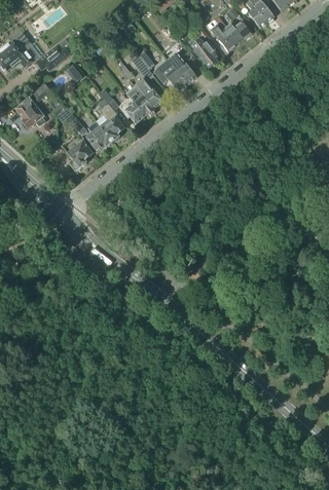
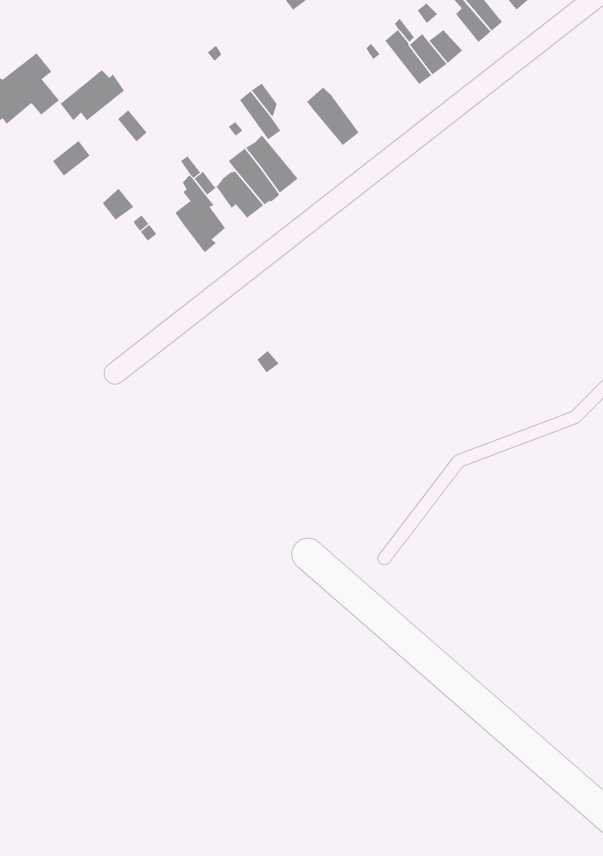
building: [189,36,216,68] -> none
building: [153,60,187,90] -> none
building: [15,97,44,127] -> none
building: [85,119,113,150] -> none
building: [68,141,93,171] -> none

